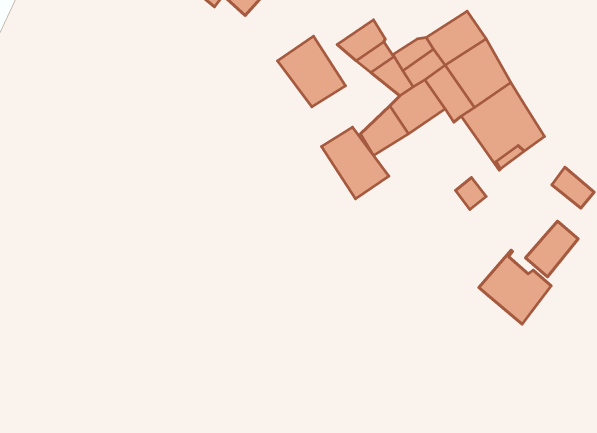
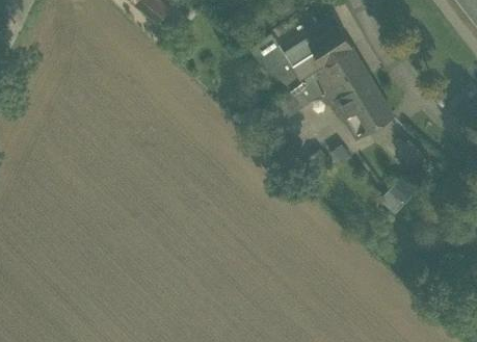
building: [277,36,345,107] -> none
building: [321,127,389,199] -> none
building: [479,250,551,324] -> none

